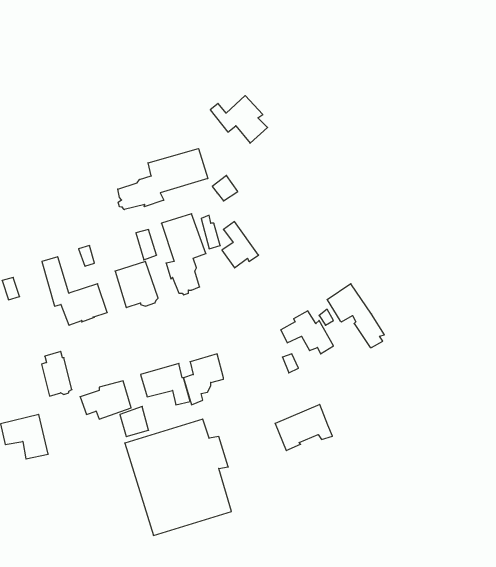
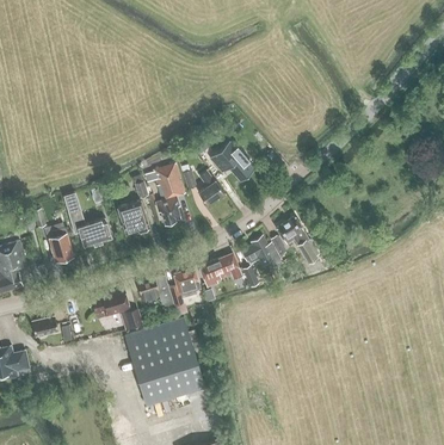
building: [210,96,268,143] -> [210,146,253,181]
building: [118,149,208,210] -> none
building: [42,351,72,396] -> [49,228,72,261]
building: [275,404,332,451] -> [198,253,241,288]

